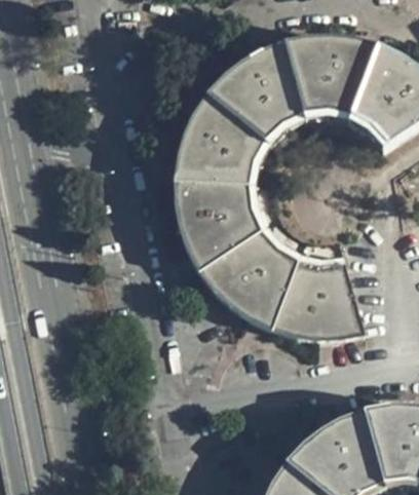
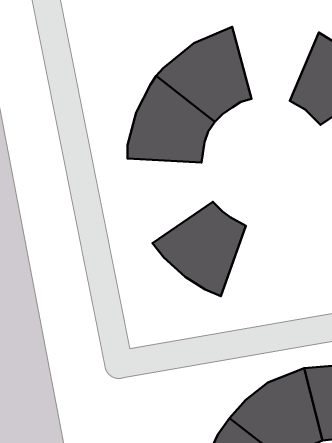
building: [287,38,379,121] -> none
building: [175,183,266,273] -> none
building: [274,255,361,337] -> none

